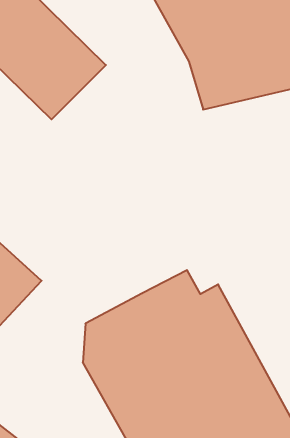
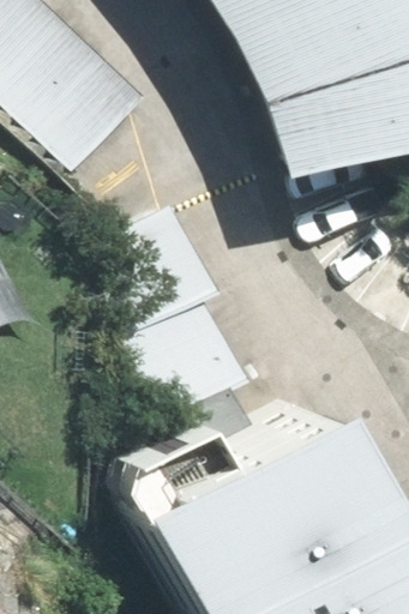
building: none -> [112,227,245,417]

